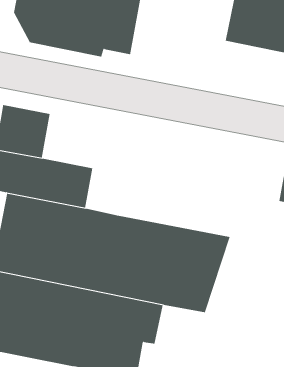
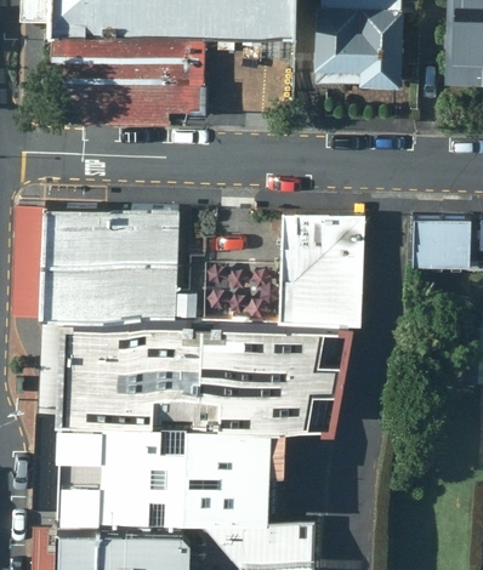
building: none -> [113,203,180,261]
building: none -> [216,216,362,319]

